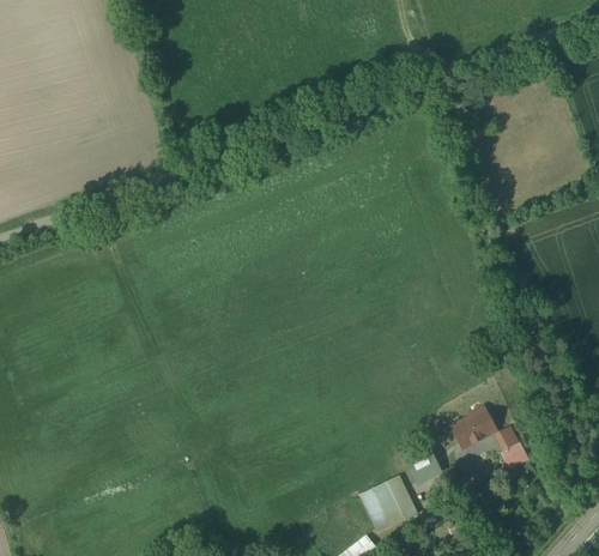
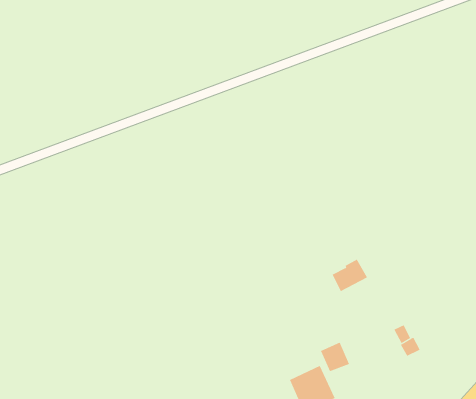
building: [452,406,496,447] -> [332,259,368,292]

